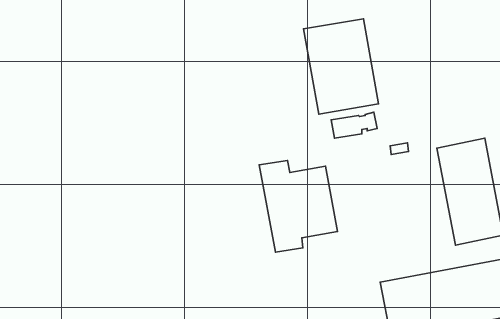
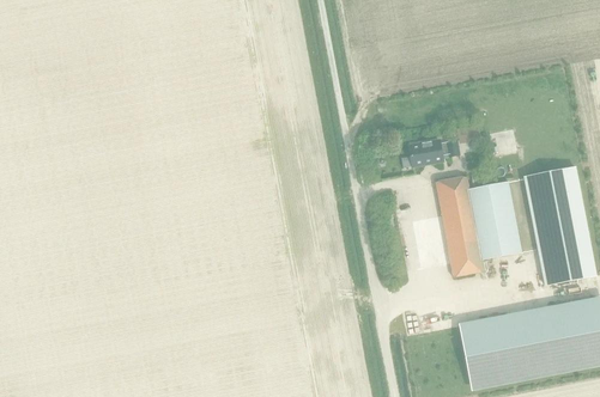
building: [304,19,379,114] -> none
building: [259,161,338,252] -> [434,175,520,275]

